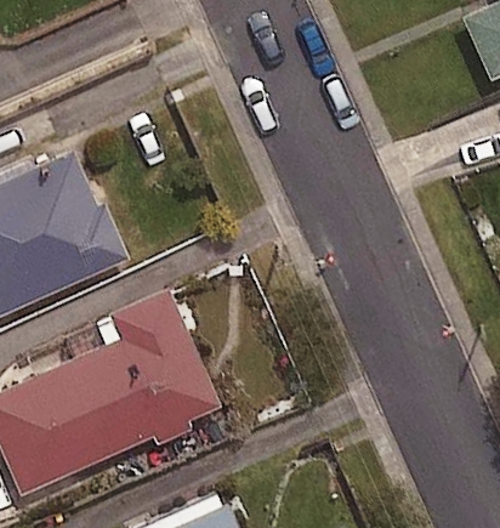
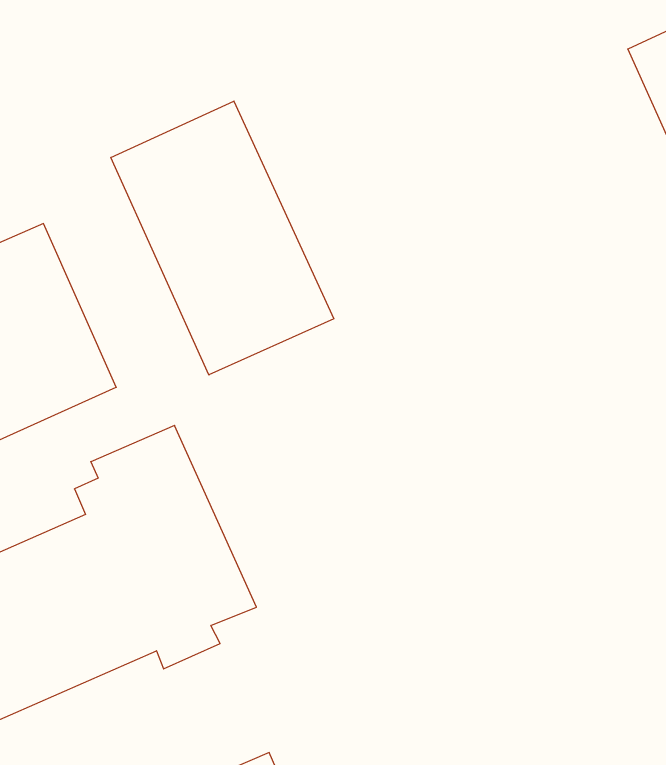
building: none -> [111,101,334,375]

